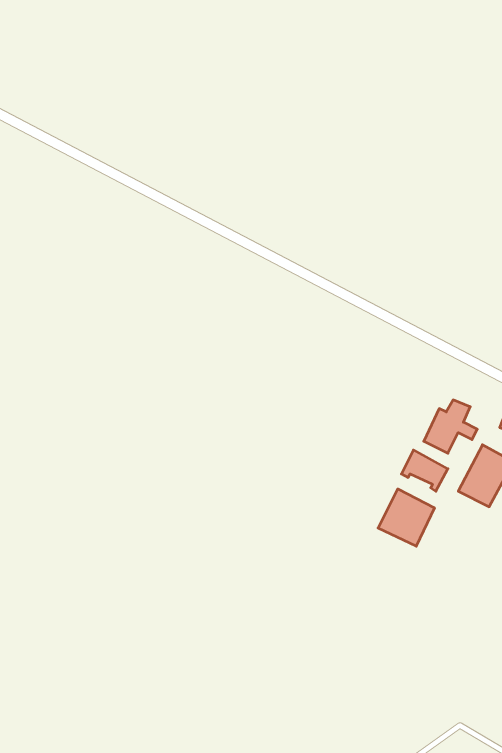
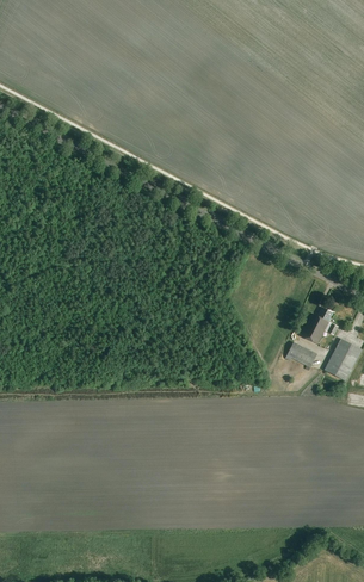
building: [378,489,434,546] -> none

